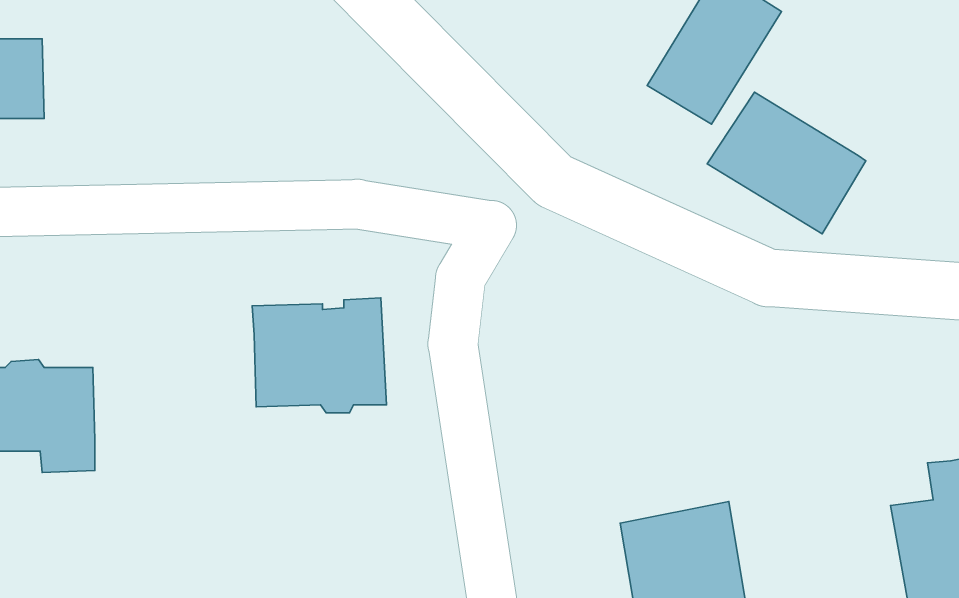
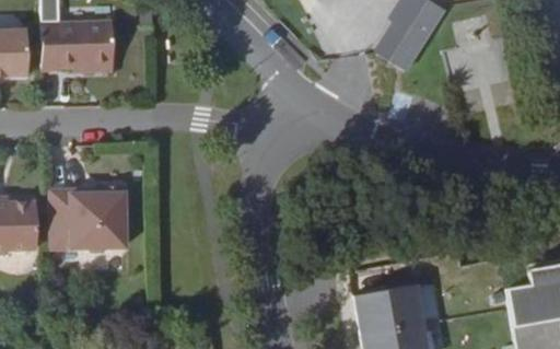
building: none -> [44,10,117,62]
building: [707,92,866,234] -> none
building: [252,298,387,413] -> [55,189,130,254]

